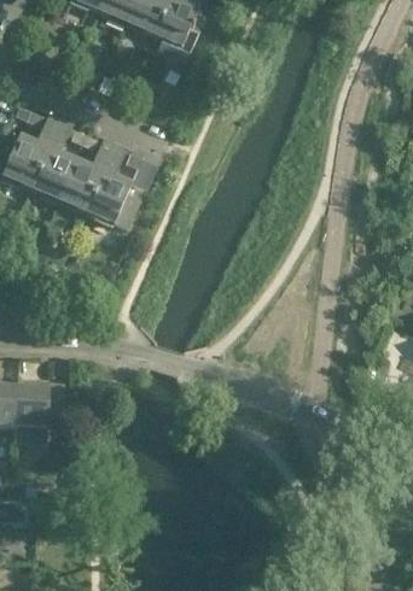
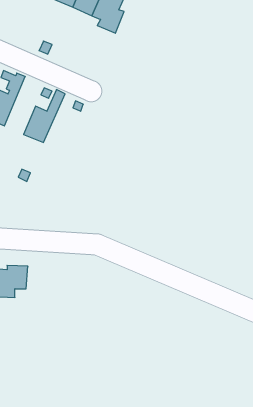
building: [28,119,71,200] -> none
building: [82,144,135,229] -> none

